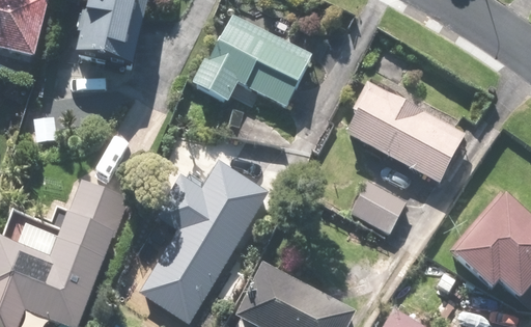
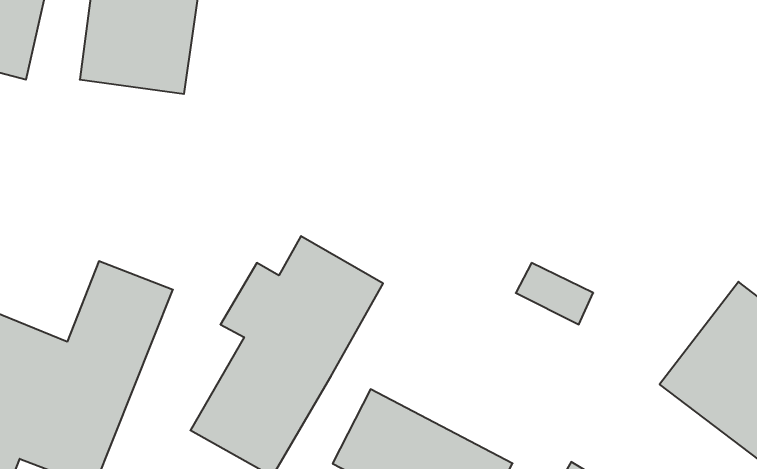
building: [196,13,312,108] -> none
building: [339,83,465,183] -> none

